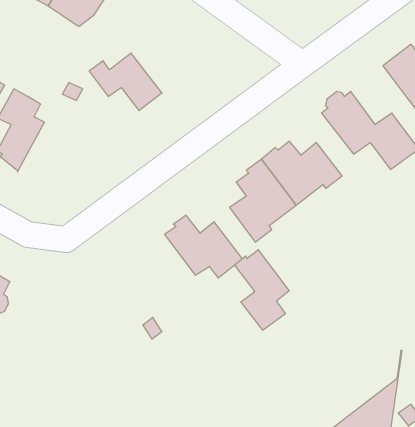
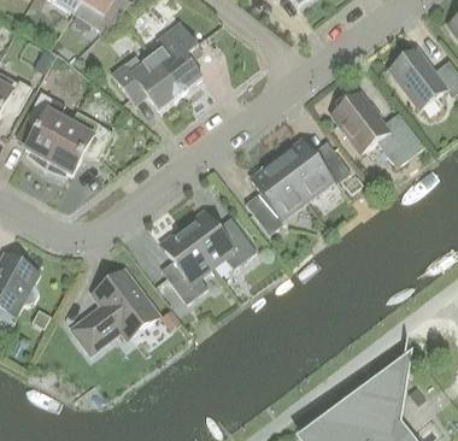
building: none -> [151,20,201,93]
building: none -> [43,120,112,174]
building: [234,250,289,330] -> [159,227,211,302]
building: none -> [71,269,158,352]

